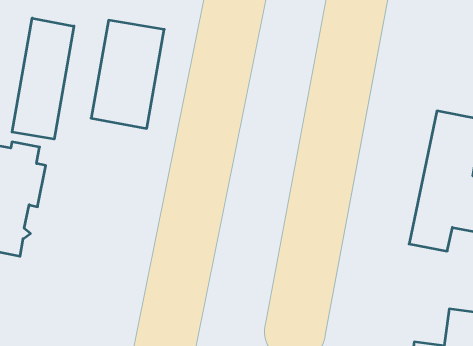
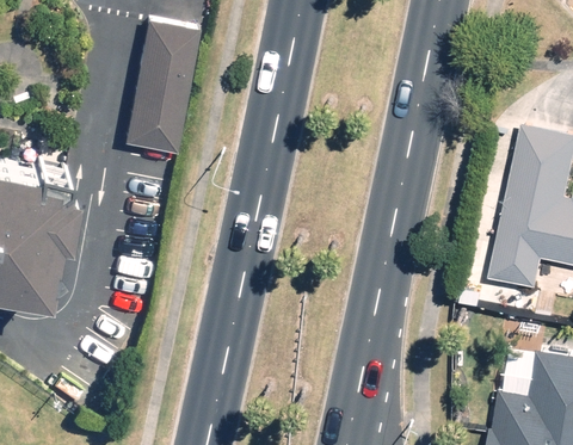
building: [12,18,74,139] -> none

